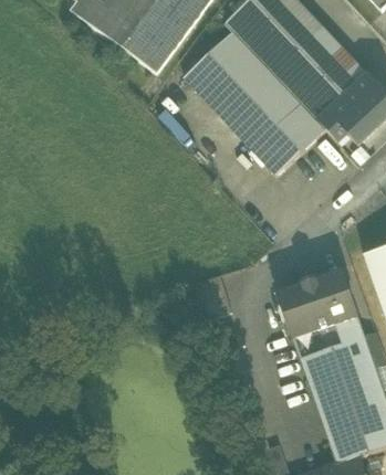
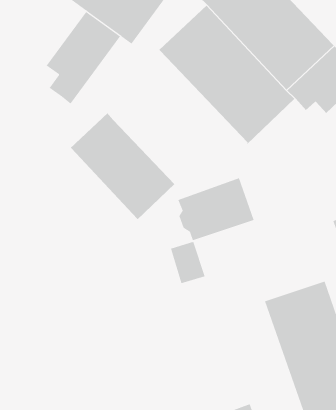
building: none -> [46,11,121,105]
building: none -> [69,113,175,220]
building: [277,271,356,337] -> [177,177,254,242]

